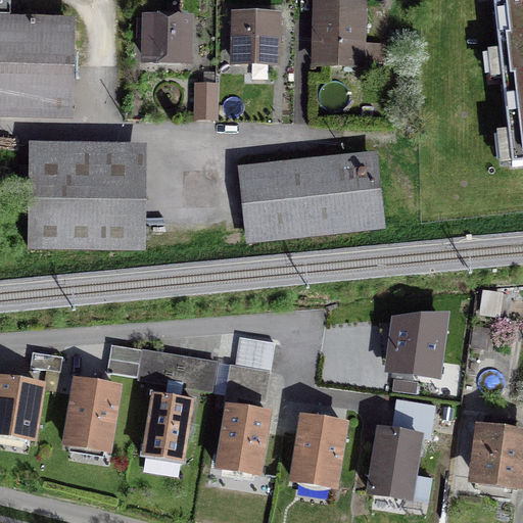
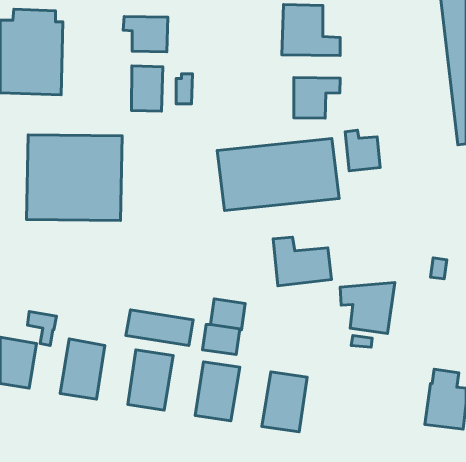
building: [235,13,277,60] -> none
building: none -> [131,66,163,111]
building: none -> [294,77,340,118]
building: none -> [345,130,380,171]
building: none -> [273,237,332,286]
building: [107,342,142,375] -> none
building: [393,398,434,429] -> none
building: [370,429,420,495] -> none

